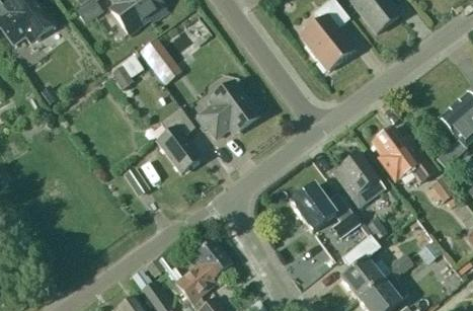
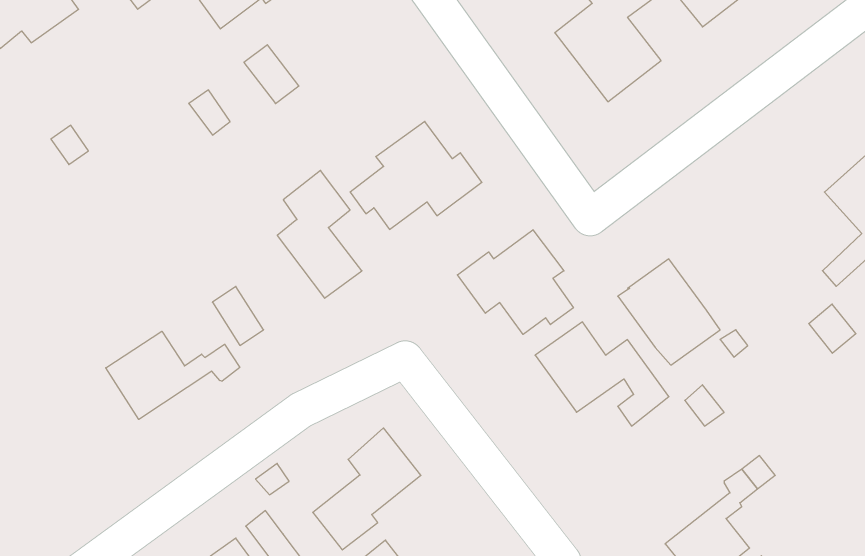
building: [373,127,435,181] -> none
building: none -> [457,230,573,334]
building: none -> [106,331,240,419]
building: [340,235,390,299] -> none

